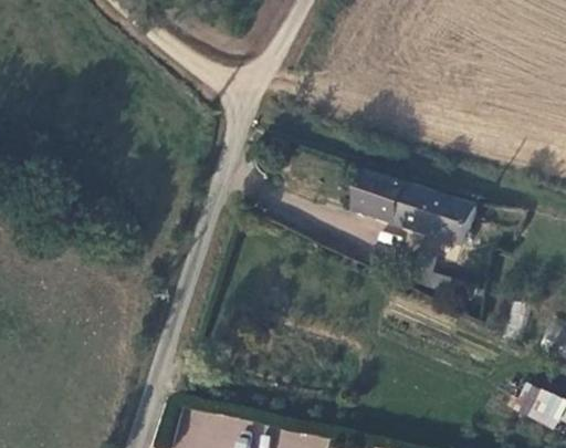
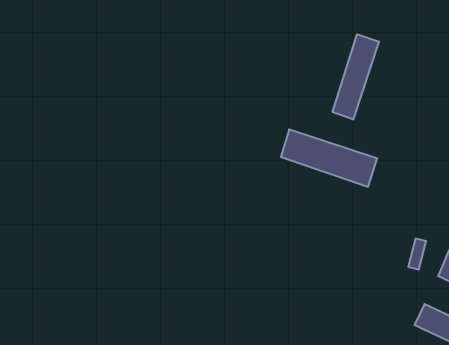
building: none -> [333,34,379,120]

